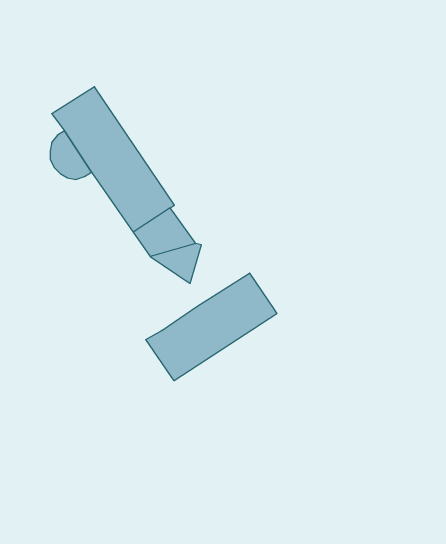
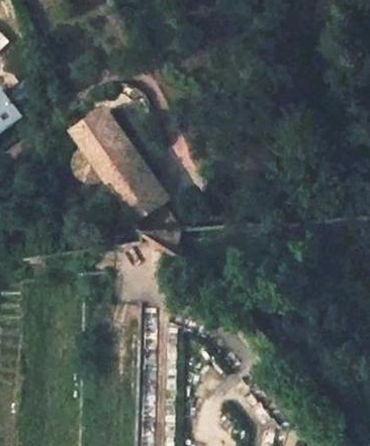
building: [146,273,277,381] -> none

